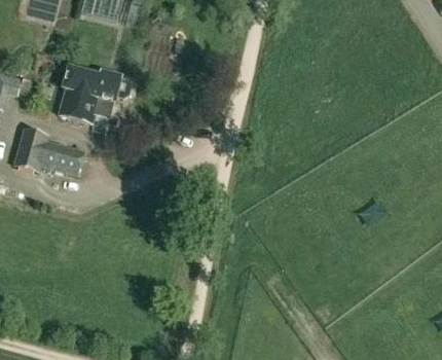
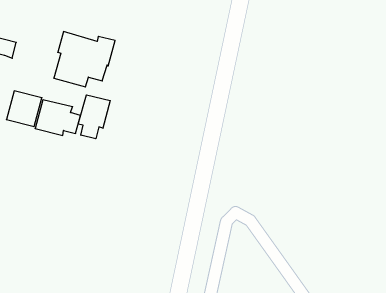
building: none -> [78,95,110,139]

